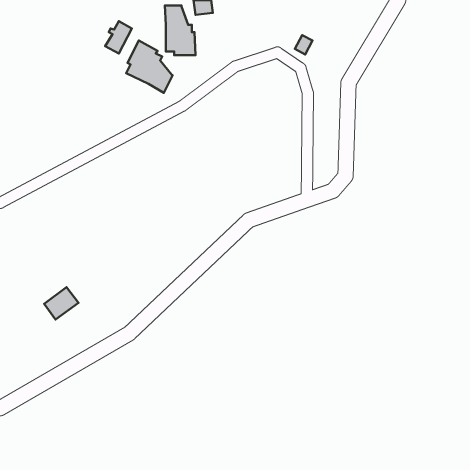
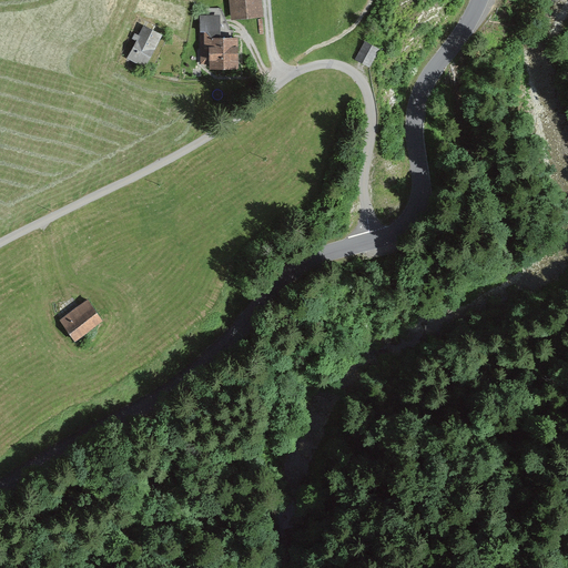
building: [126,40,173,93] -> none
building: [44,287,78,319] -> [61,302,102,341]

